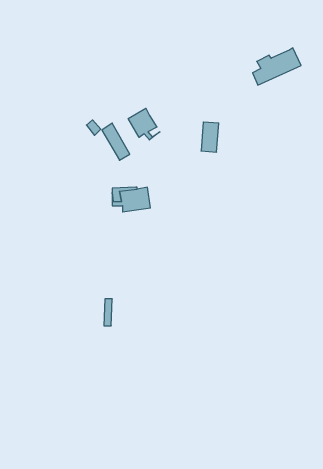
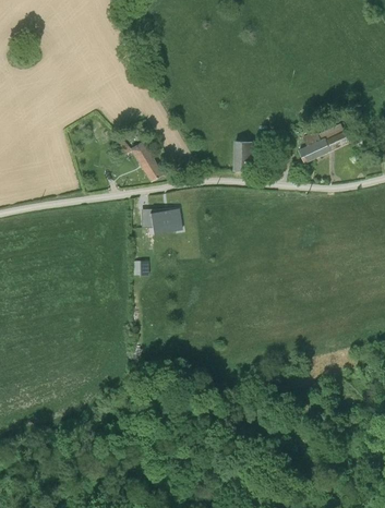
building: [253,48,301,85] -> [300,123,351,162]
building: [128,108,160,140] -> none

